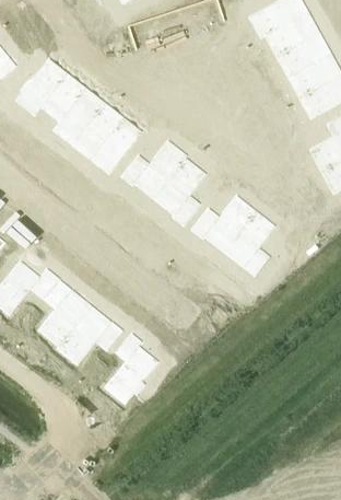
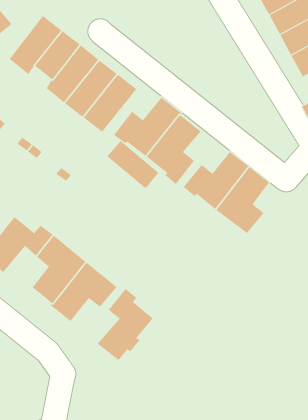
building: none -> [107,140,160,189]

